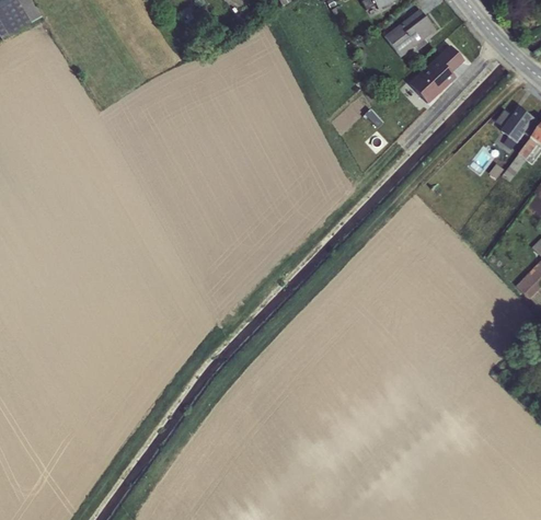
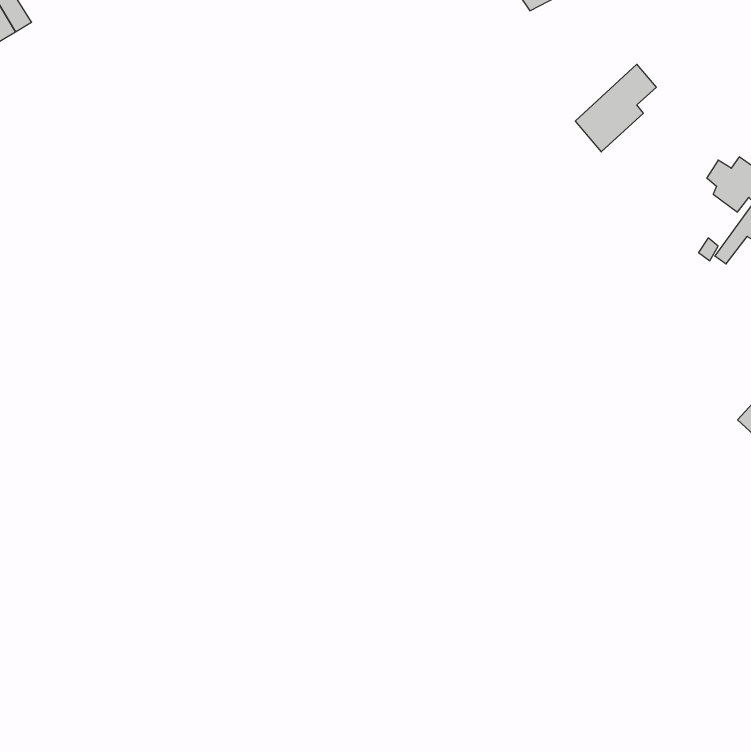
building: [383,7,436,56] -> none

